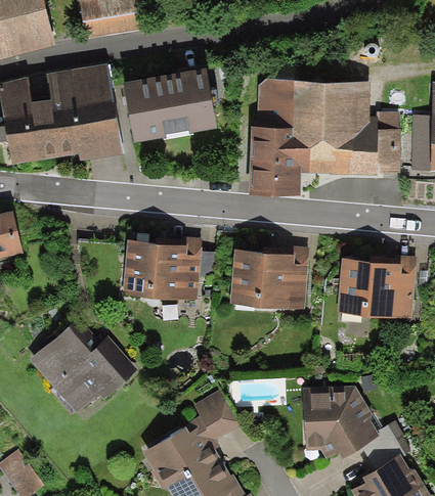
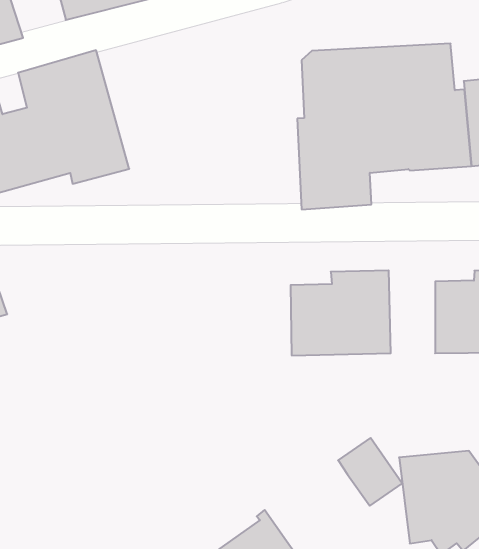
building: [123,70,216,143] -> none
building: [123,234,202,300] -> none
building: [30,325,138,413] -> none
building: [193,390,240,440] -> [338,438,402,506]

